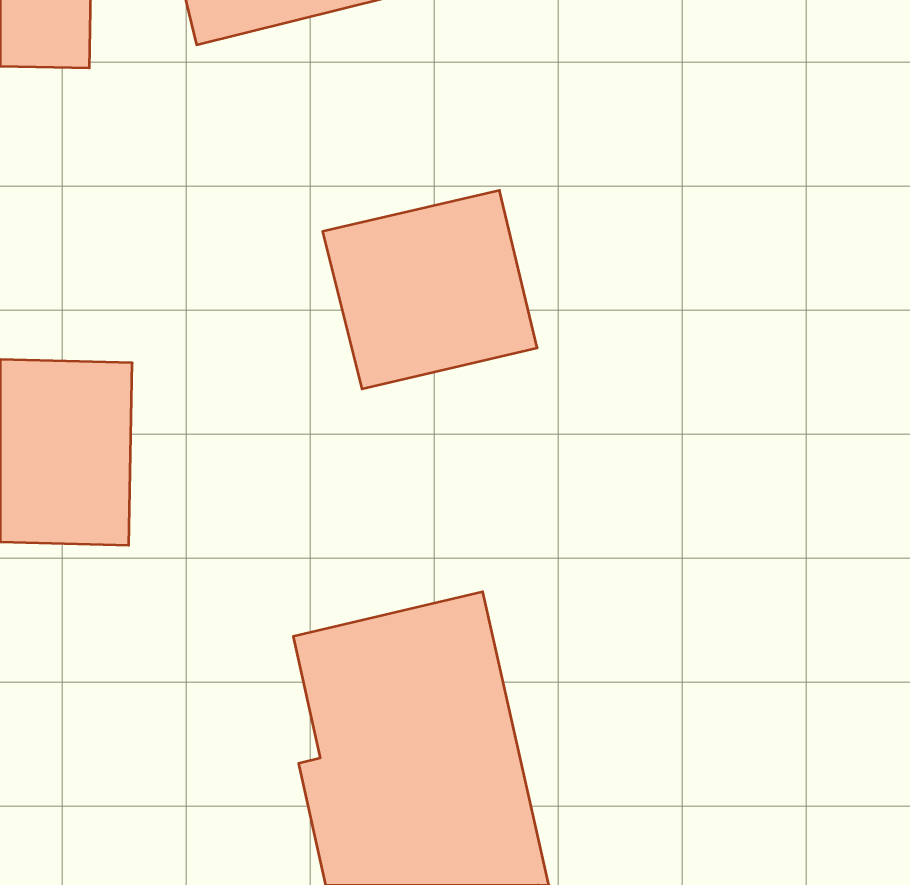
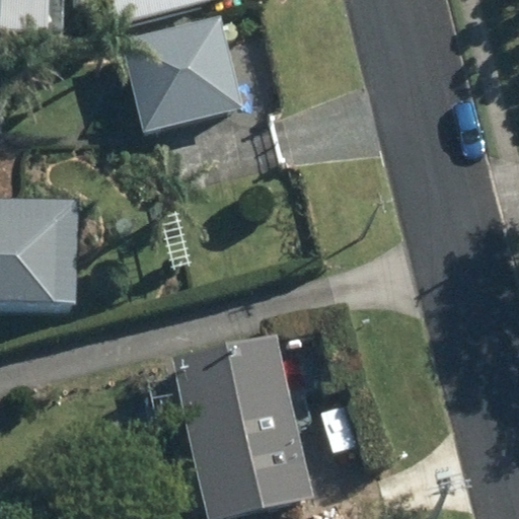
building: [323,190,537,389] -> [121,18,242,131]

